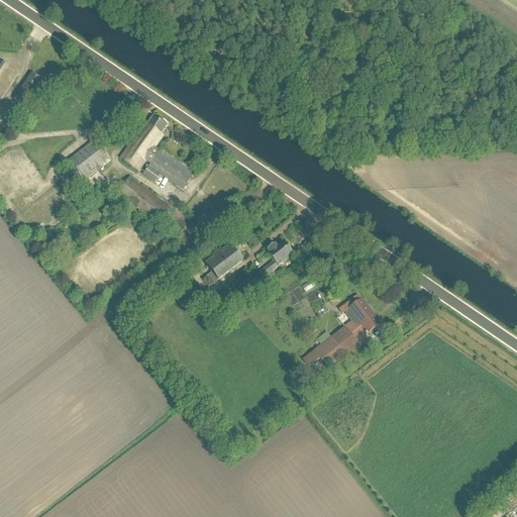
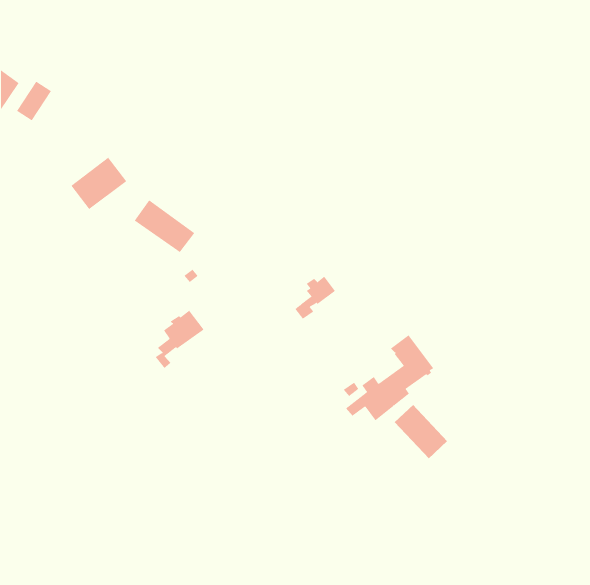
building: [120,114,194,189] -> none
building: [199,244,242,296] -> [155,310,205,369]
building: none -> [394,404,448,459]

